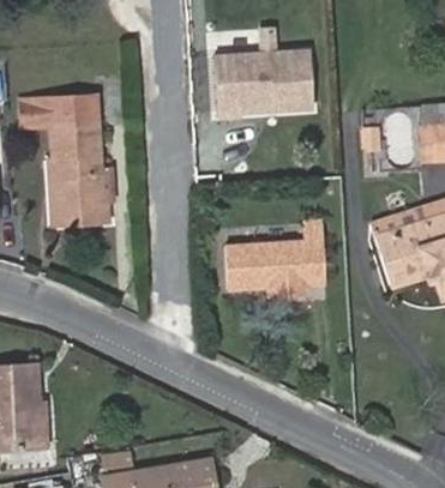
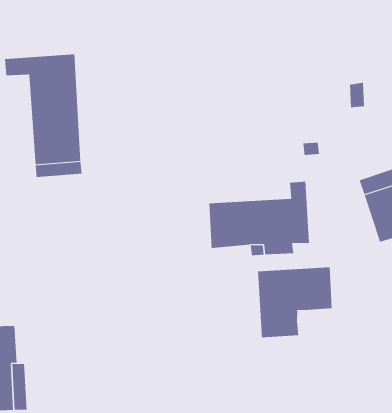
building: [216,50,311,116] -> none
building: none -> [257,266,332,338]

